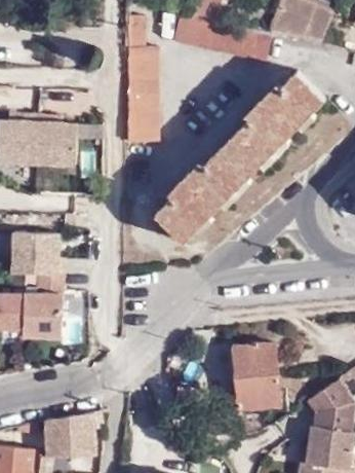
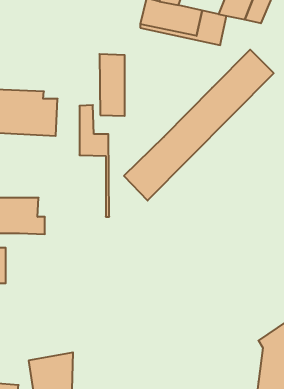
building: [127,17,161,144] -> [79,105,109,217]
building: [23,277,67,343] -> none
building: [234,342,281,407] -> none

